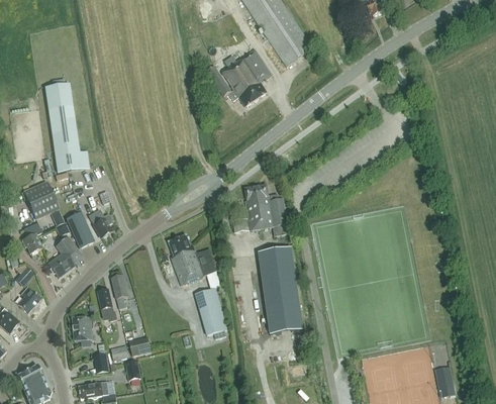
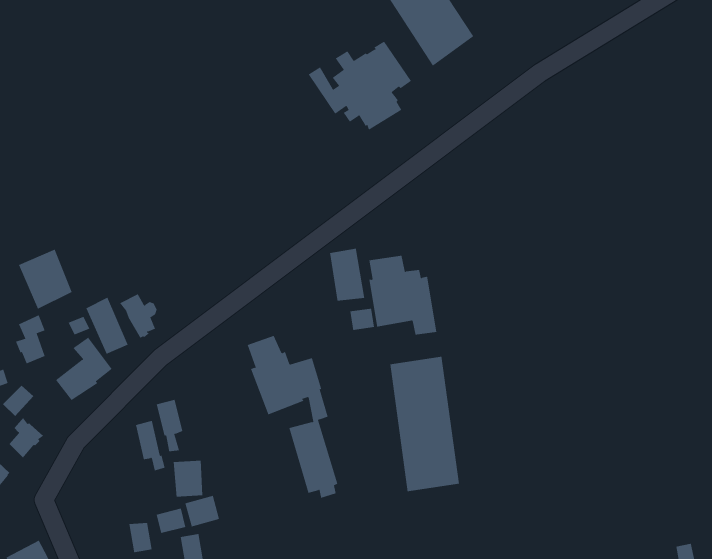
building: [44,83,89,172] -> none
building: none -> [330,248,365,302]
building: [73,317,92,340] -> [173,460,203,497]

